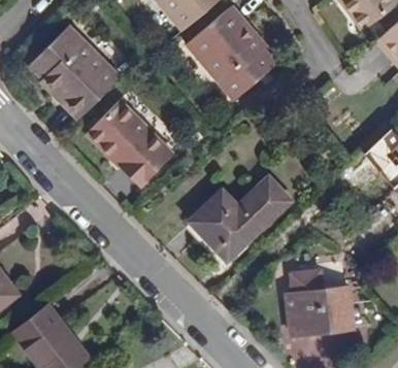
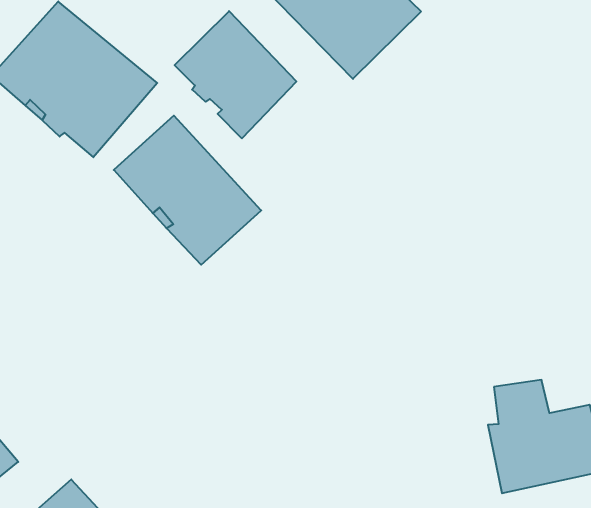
building: none -> [175,11,296,138]
building: [191,175,292,258] -> none

